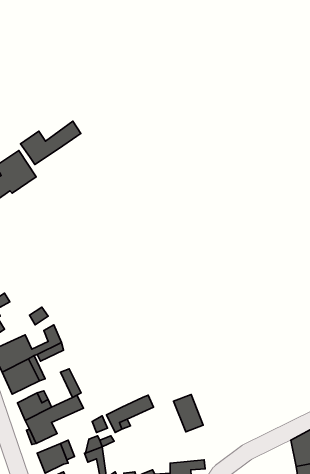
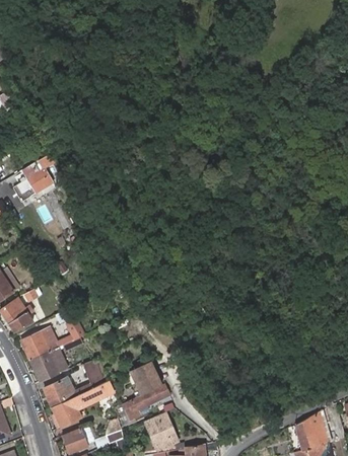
building: [21,121,81,165] -> none
building: none -> [131,361,160,394]
building: [174,395,203,432] -> [152,412,180,447]

